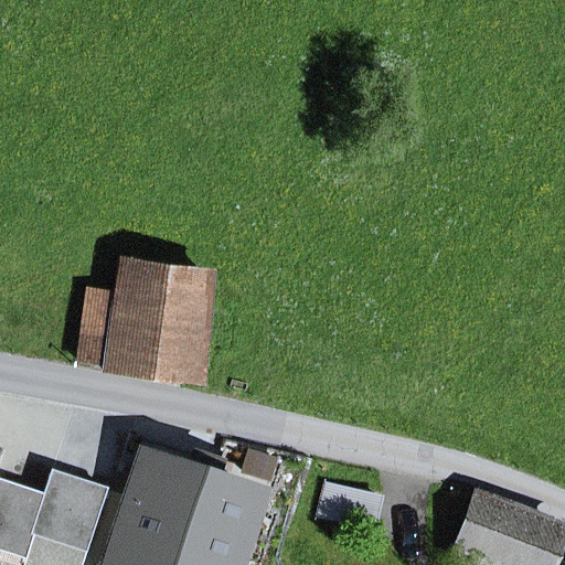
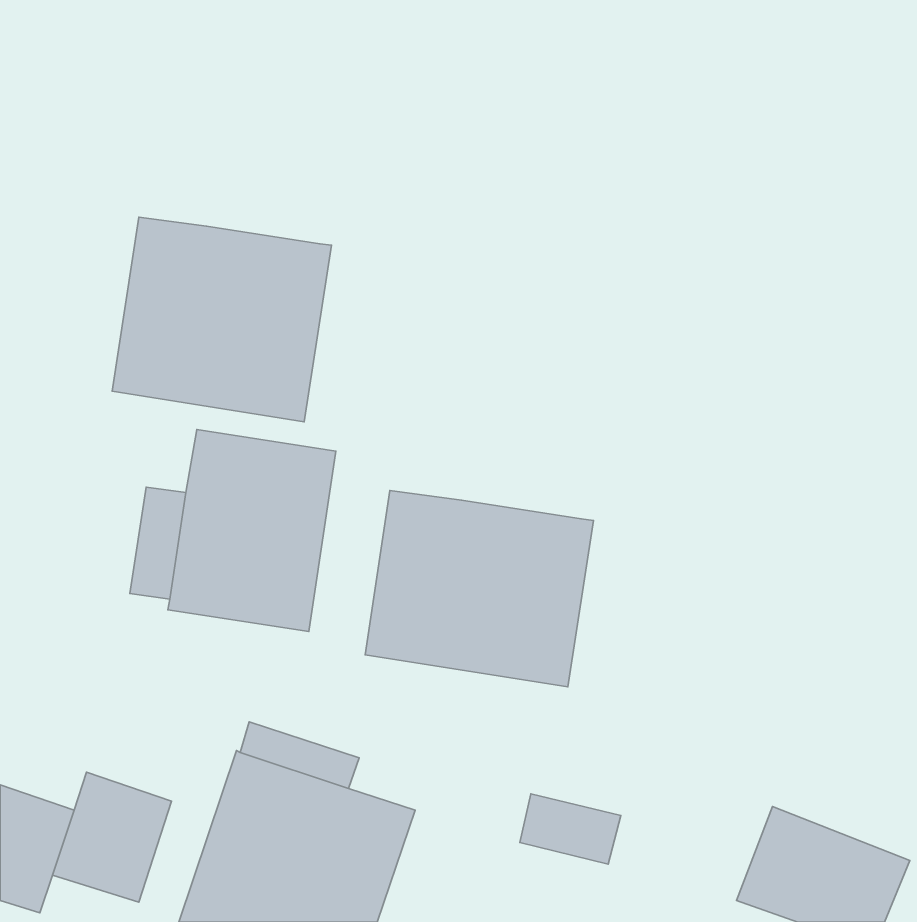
building: none -> [112,217,331,422]
building: none -> [365,491,593,687]

